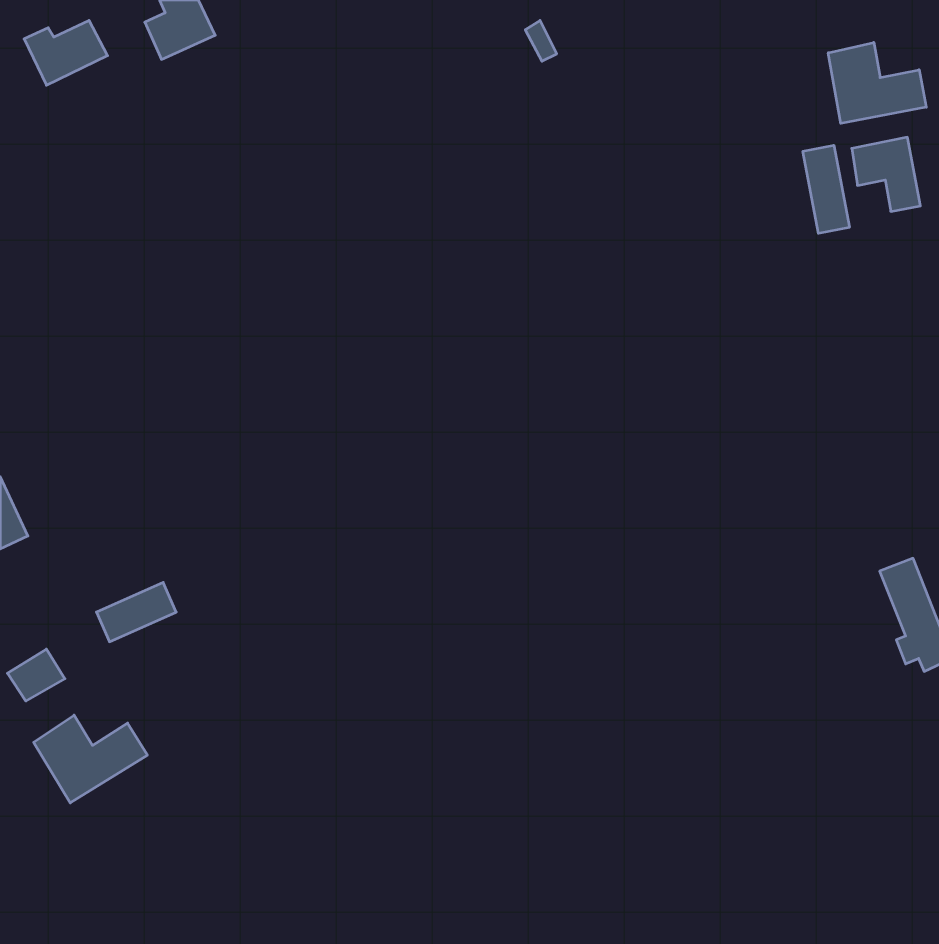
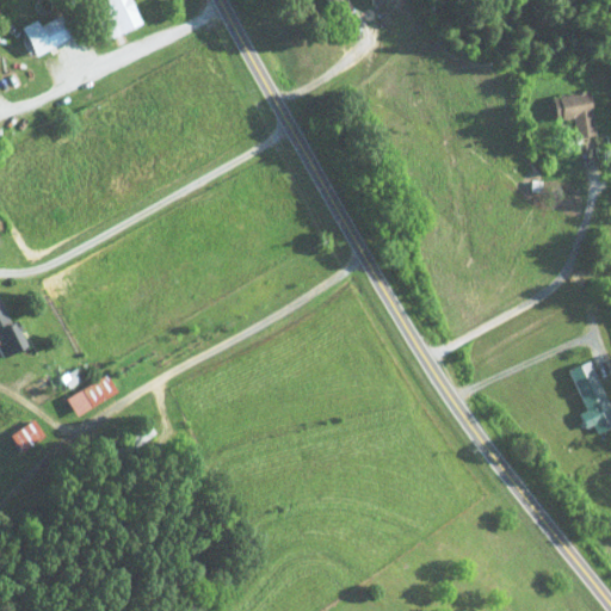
building: [828,42,926,123] -> none
building: [803,145,849,233] -> none
building: [34,715,147,803] -> none

